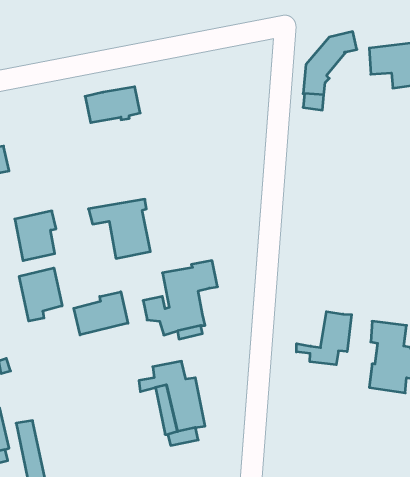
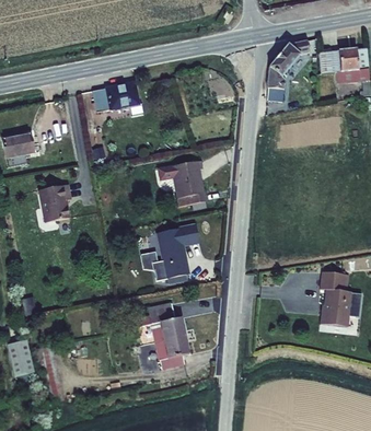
building: [88,199,150,258] -> [156,160,206,207]
building: [19,268,62,321] -> none
building: [74,292,128,335] -> none
building: [296,312,352,365] -> none

